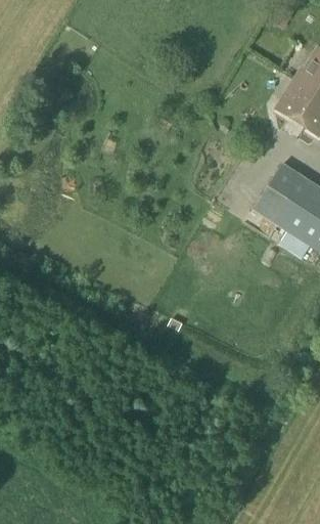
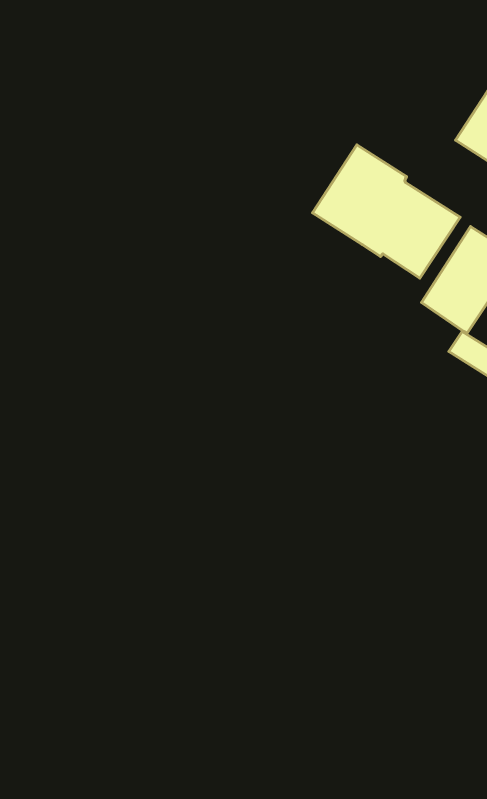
building: none -> [313,145,460,278]

